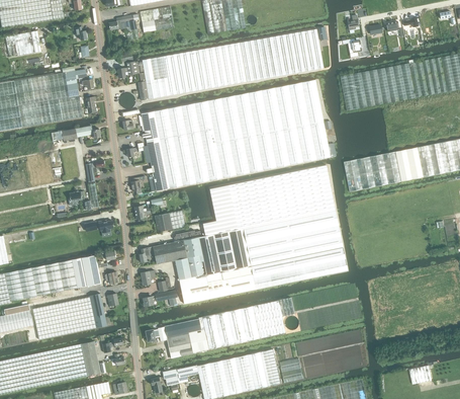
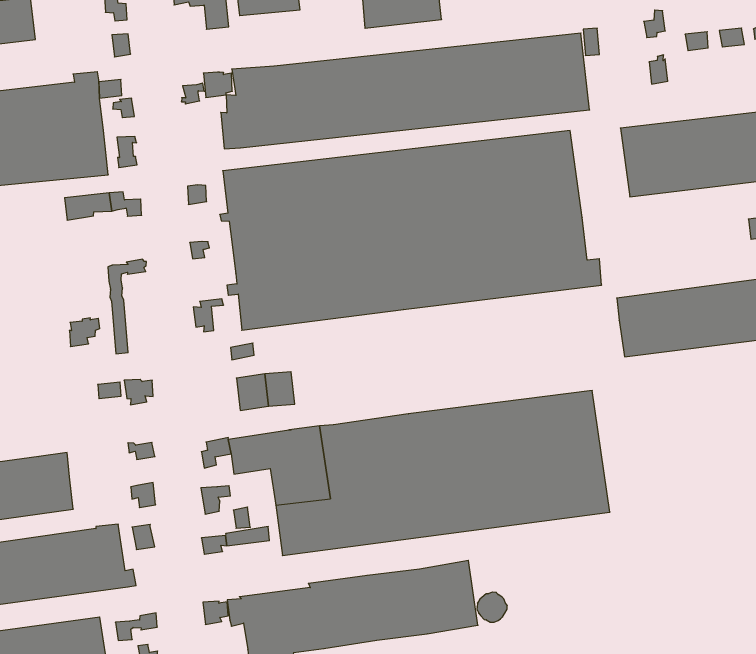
building: [203,165,336,236] -> none
building: [72,255,101,288] -> none

